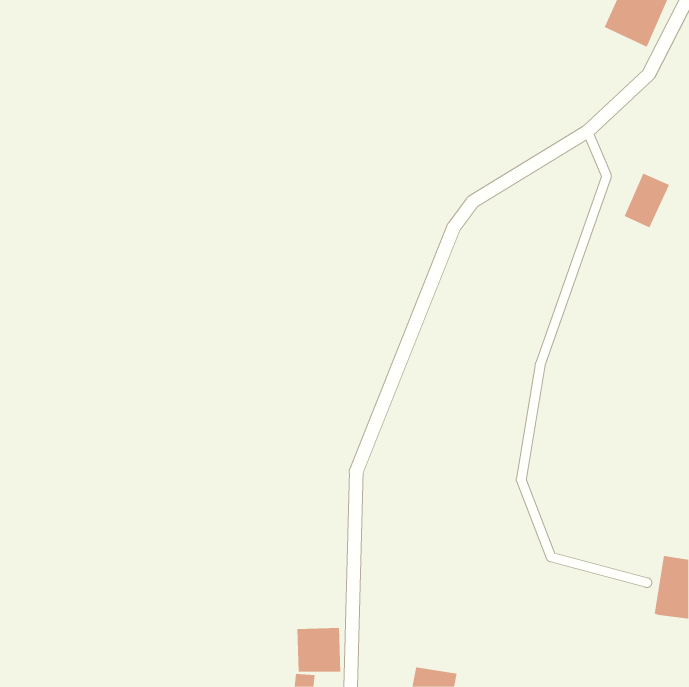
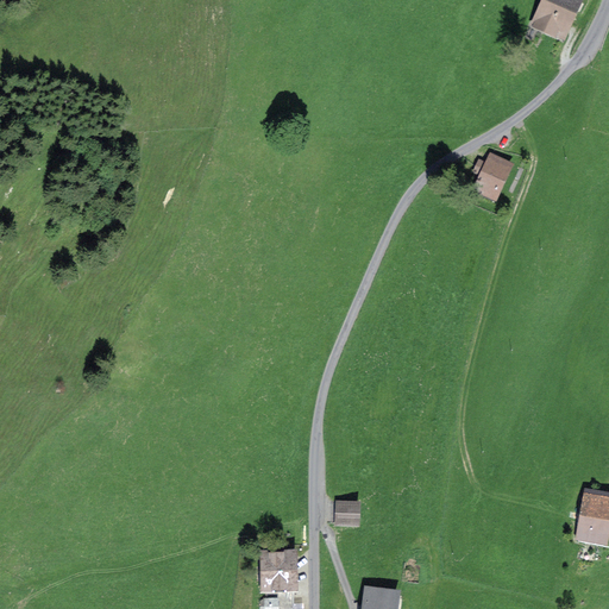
building: [624,173,670,228] -> [473,152,514,201]
building: none -> [334,500,362,526]

